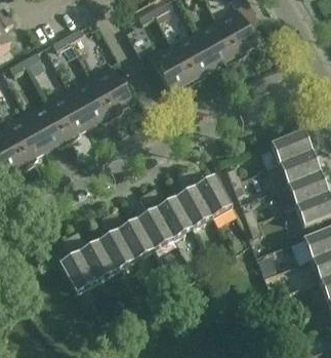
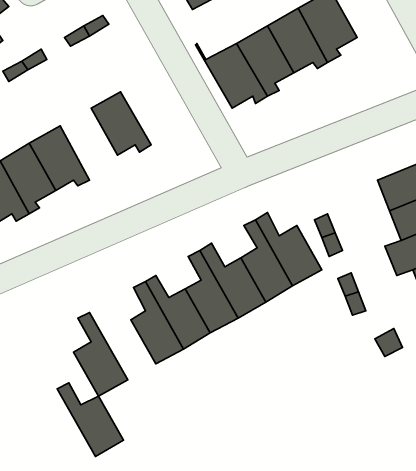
building: [93,57,134,118] -> none
building: [51,92,91,143] -> none
building: [72,231,118,282] -> [57,383,123,456]

